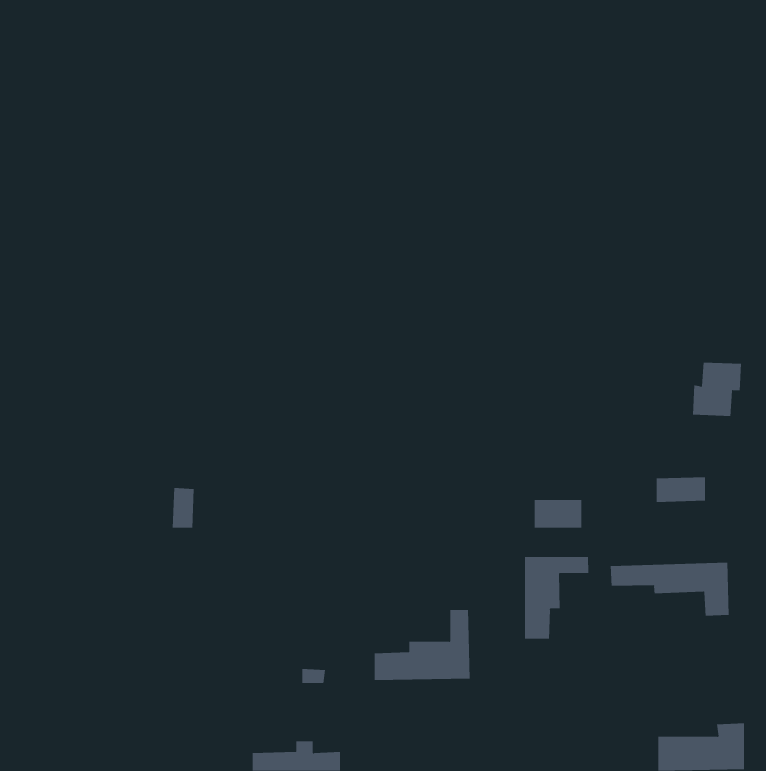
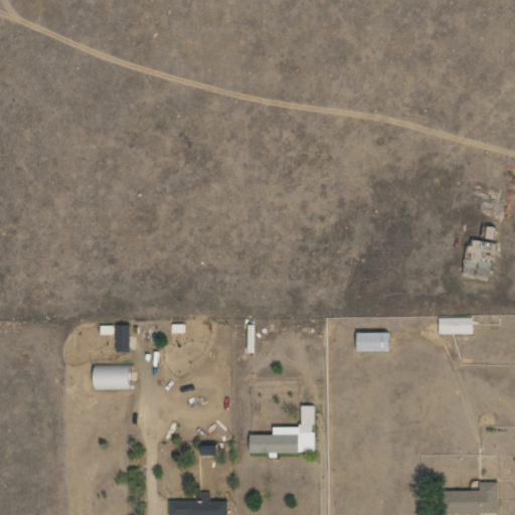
building: none -> [95,367,130,390]
building: [524,556,589,639] -> none
building: [610,562,729,617] -> none

